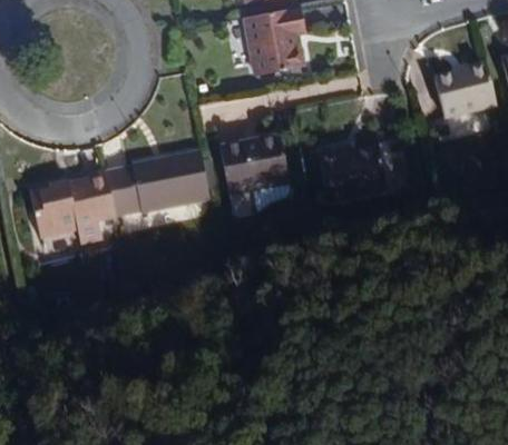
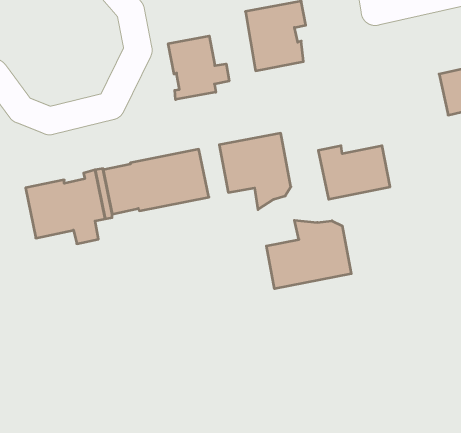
building: none -> [168,36,229,100]
building: none -> [266,220,351,289]

